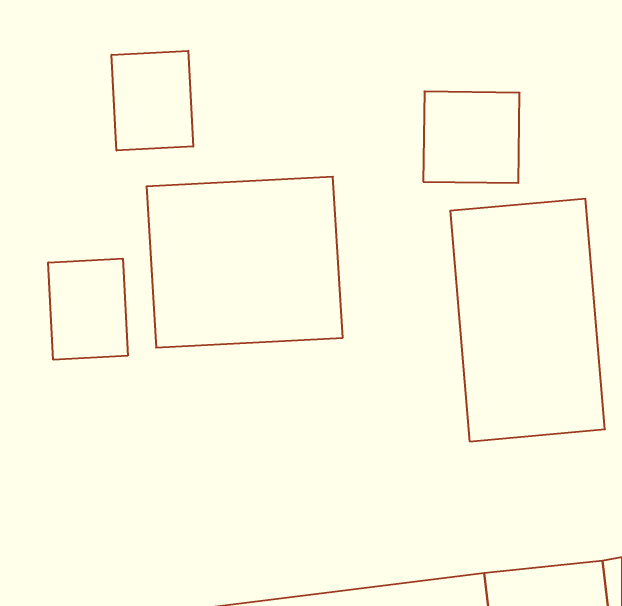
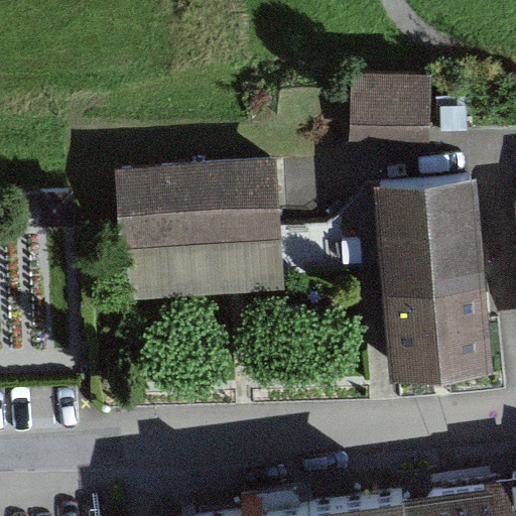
building: [112,51,193,151] -> none
building: [48,259,128,360] -> none

